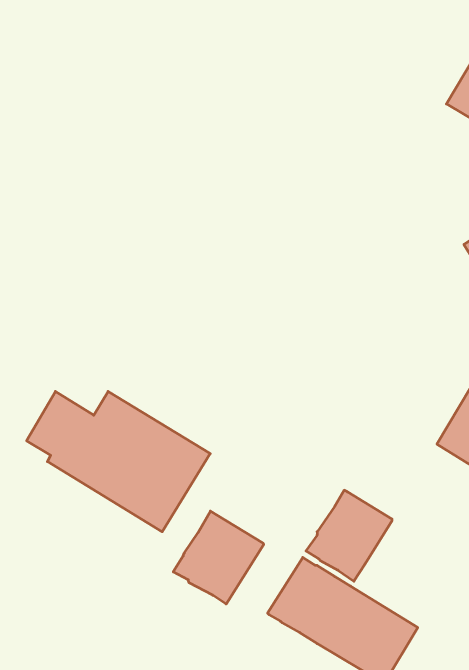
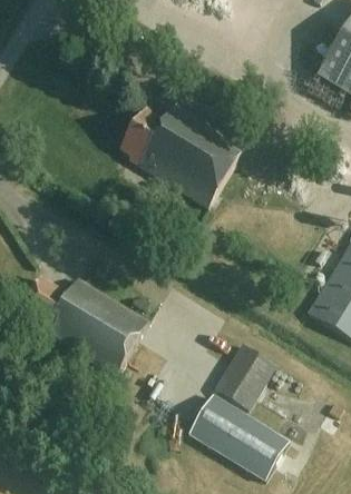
building: none -> [123,99,248,205]
building: [173,511,264,604] -> none

